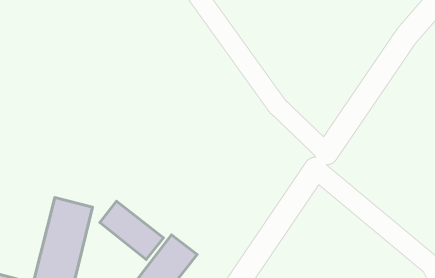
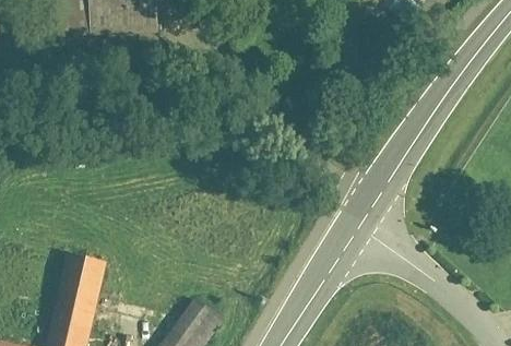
building: [100,201,163,260] -> none

